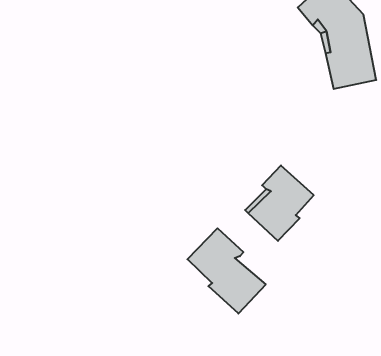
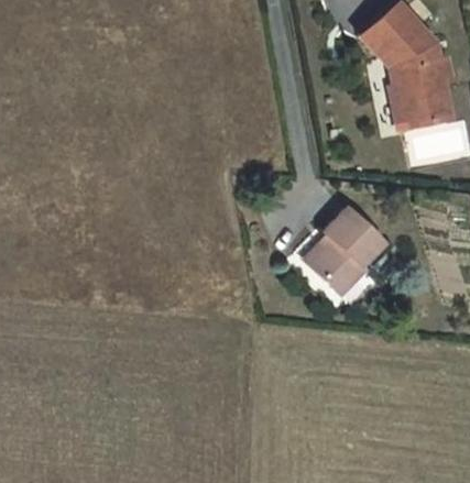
building: [187,228,266,314] -> none

